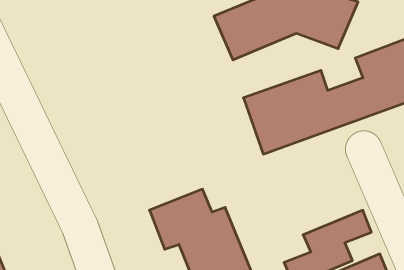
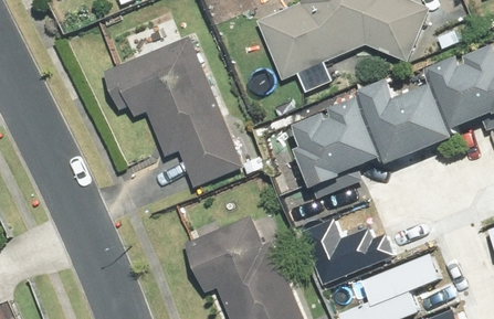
building: none -> [105,39,241,185]
building: none -> [319,217,393,268]

